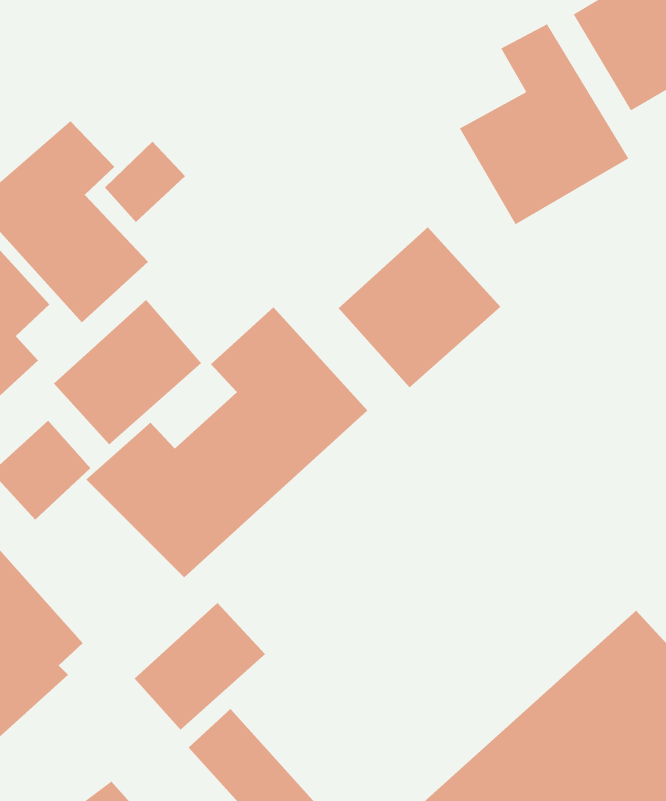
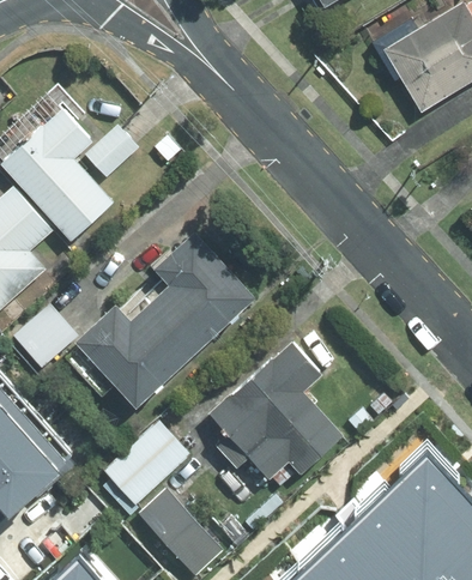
building: [459,24,629,225] -> none
building: [338,226,501,388] -> none
building: [53,299,202,445] -> none
building: none -> [207,344,343,489]

